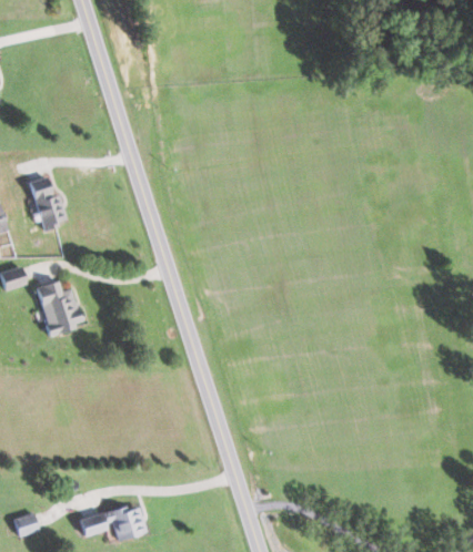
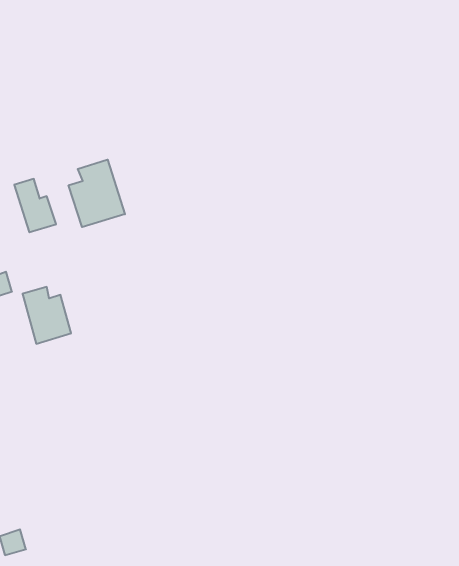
building: none -> [69,160,125,227]
building: [80,507,148,541] -> none

